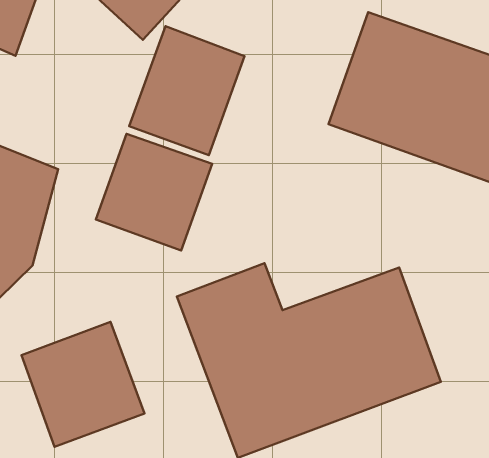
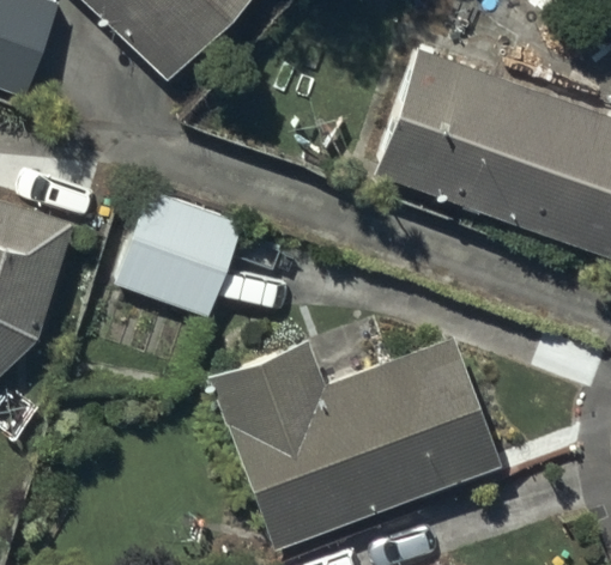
building: [129,26,245,155] -> none
building: [21,322,145,447] -> none

